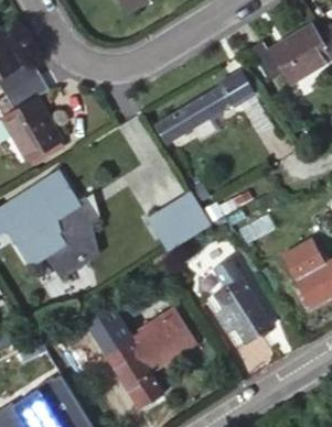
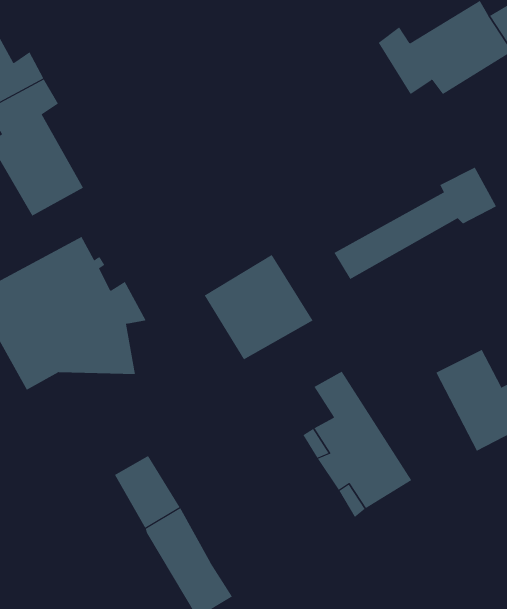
building: [153,73,254,142] -> [334,167,497,280]
building: [126,313,193,373] -> none

